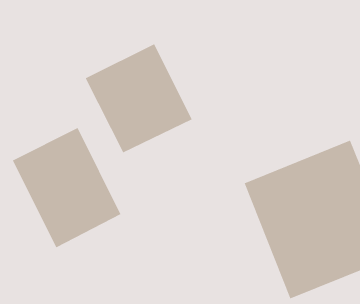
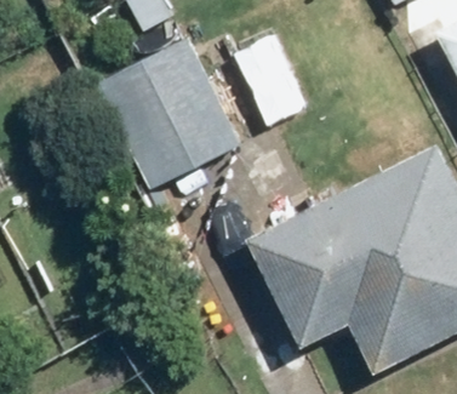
building: [12,127,121,248] -> none

